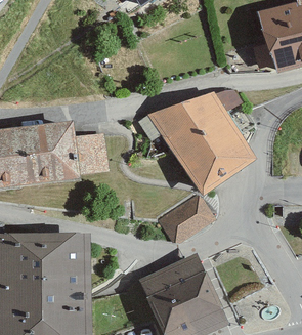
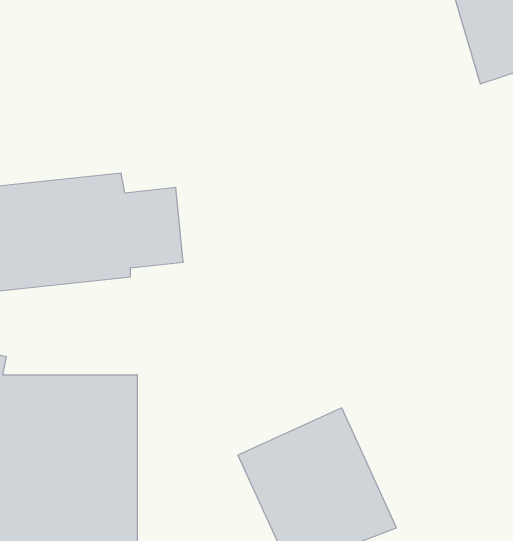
building: [152,97,251,187] -> none
building: [160,192,215,242] -> none

